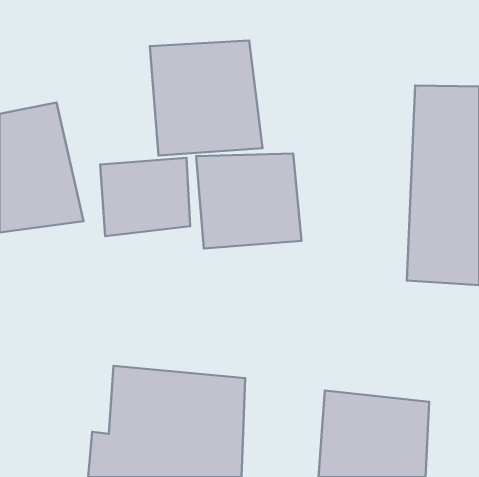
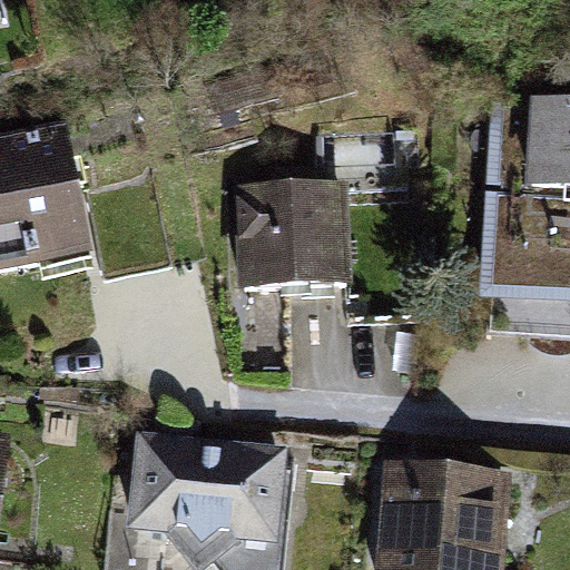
building: [150,41,263,156] -> none
building: [100,158,190,236] -> none

